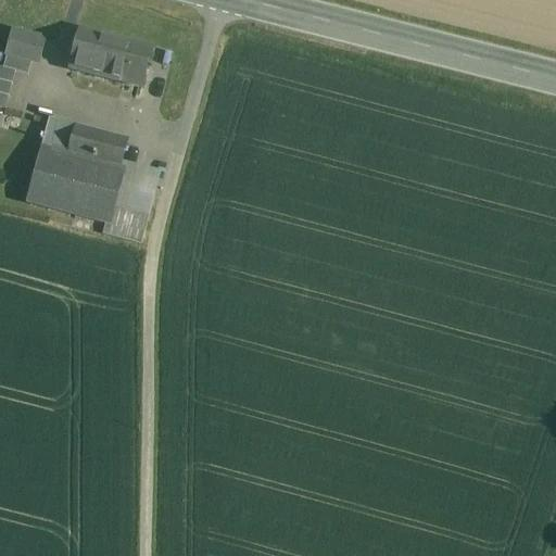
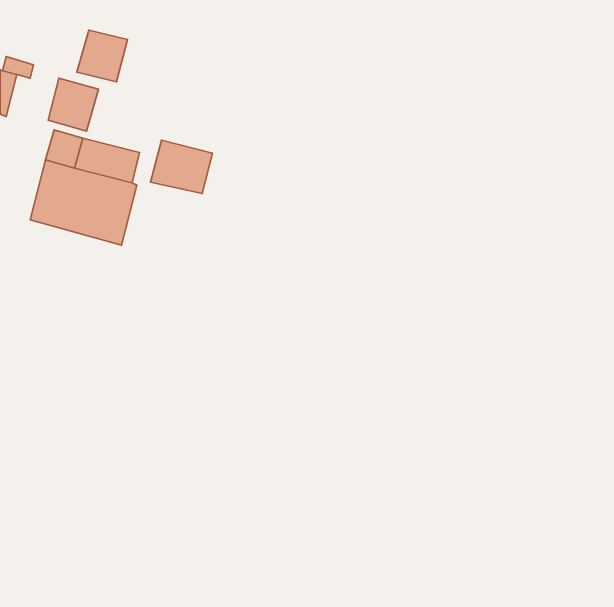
building: [5,26,38,59] -> none
building: [105,36,151,84] -> [48,78,99,131]
building: none -> [150,140,213,194]

